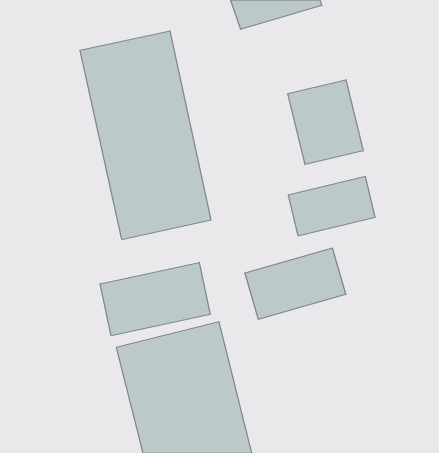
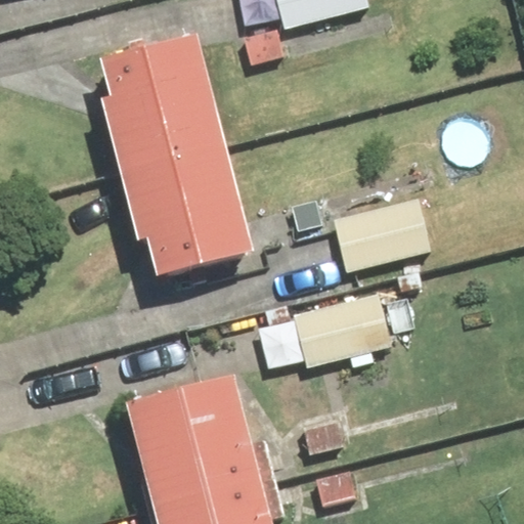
building: [288,80,363,165] -> none
building: [100,262,210,336] -> none

